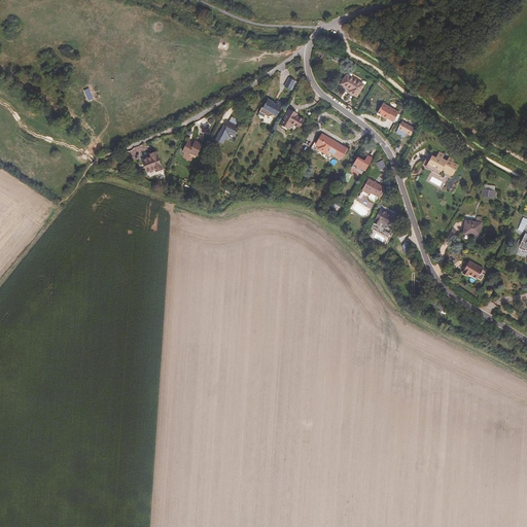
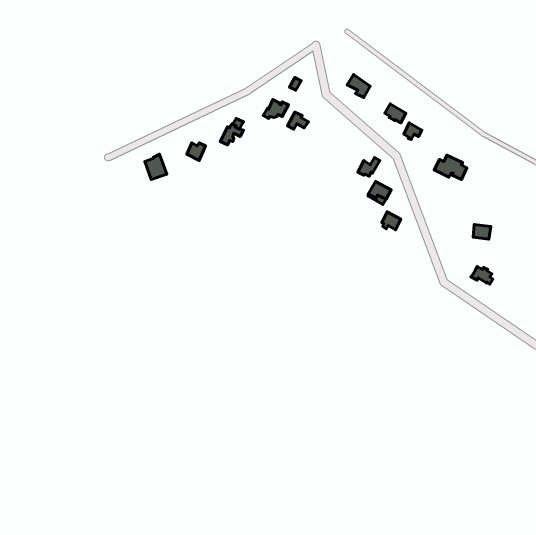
building: [310,133,347,159] -> none

